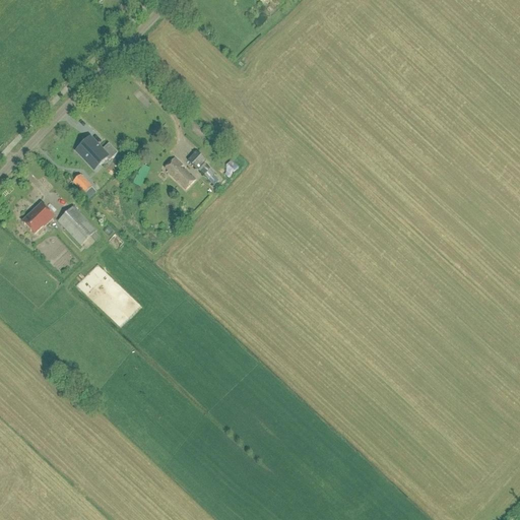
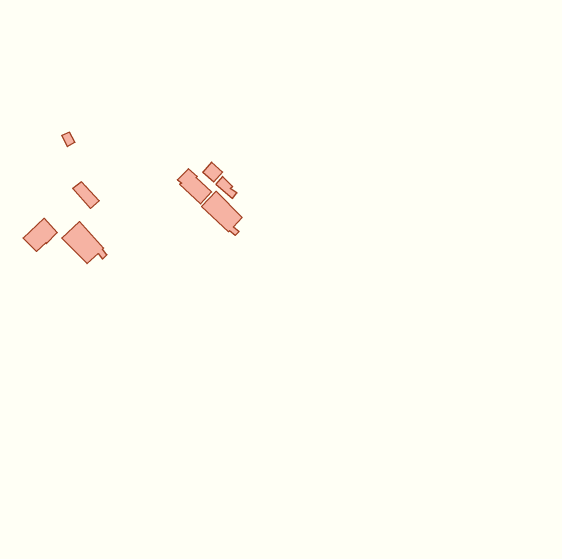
building: [77,135,116,166] -> none
building: none -> [202,191,242,235]

